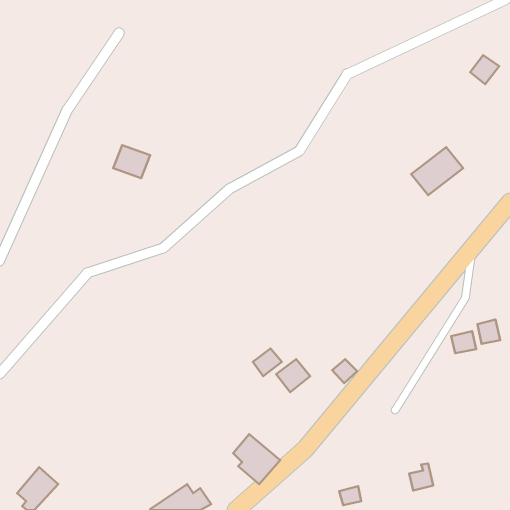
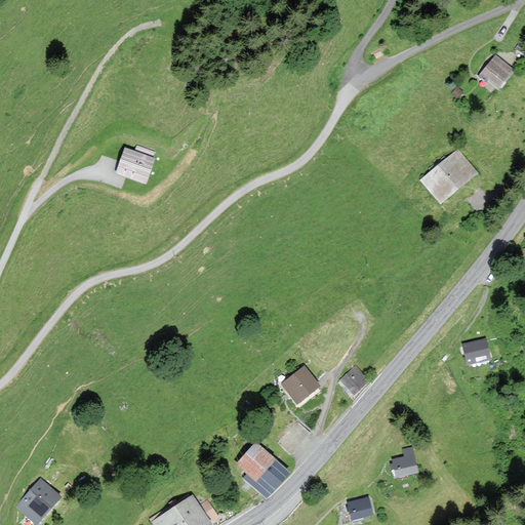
building: [477,319,500,344] -> none
building: [253,348,282,376] -> none
building: [409,463,433,490] -> [392,449,416,477]

